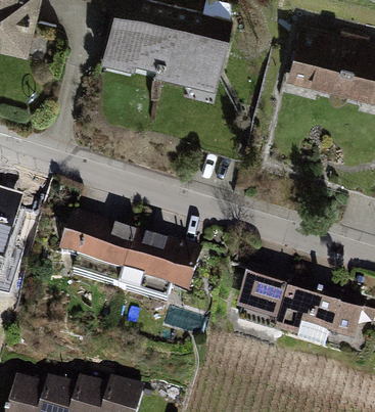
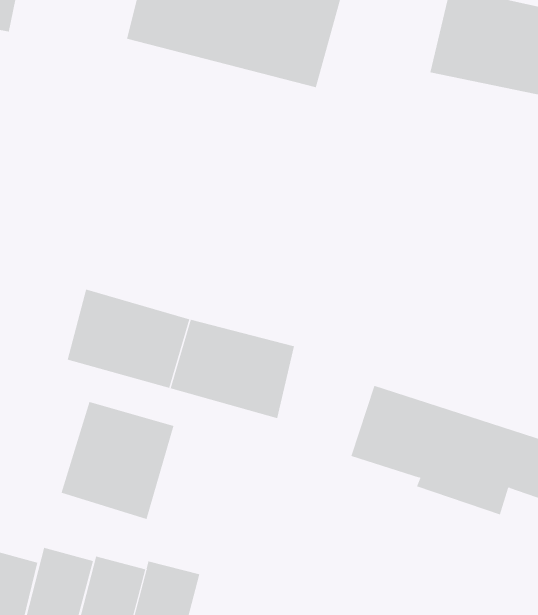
building: none -> [61,401,174,520]

